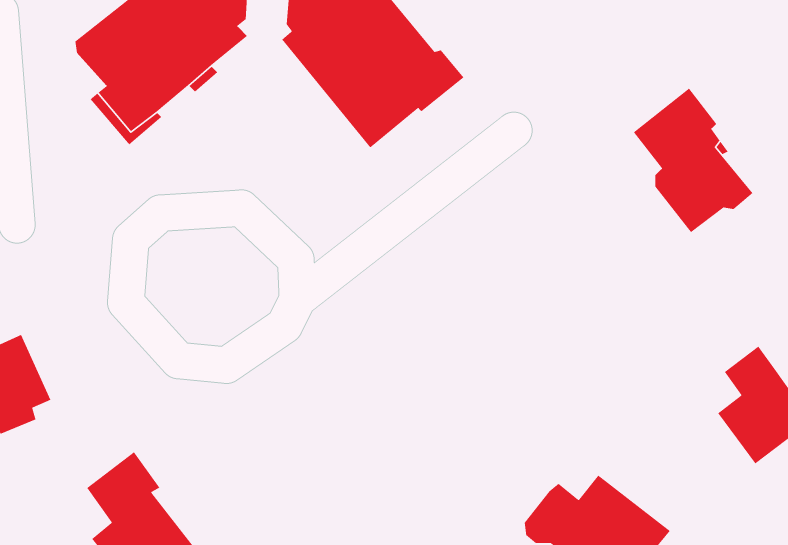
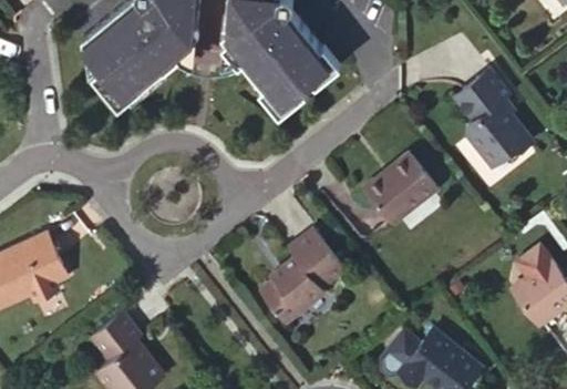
building: none -> [364,155,436,225]
building: none -> [260,233,346,328]

